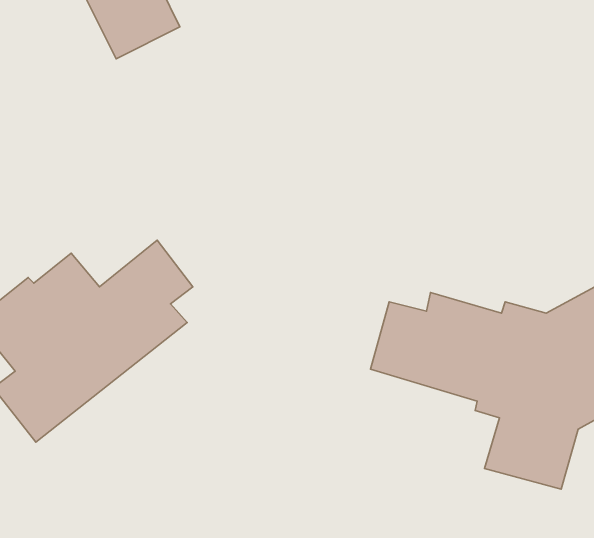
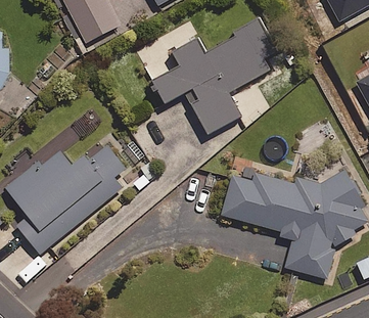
building: none -> [151,17,277,134]

